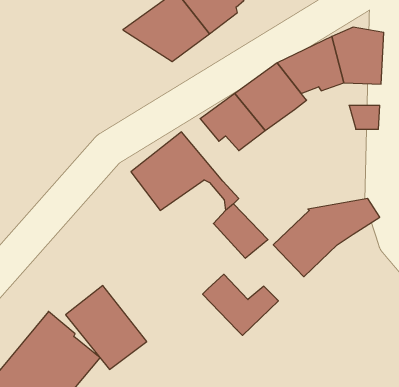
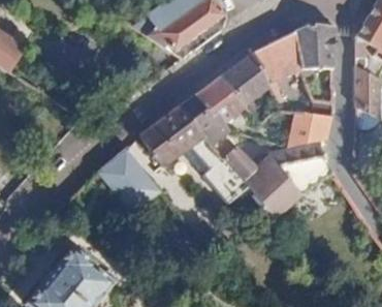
building: none -> [178,95,228,144]
building: none -> [288,113,330,146]
building: [203,274,278,335] -> [218,146,277,193]
building: [66,286,147,369] -> [95,148,158,213]

